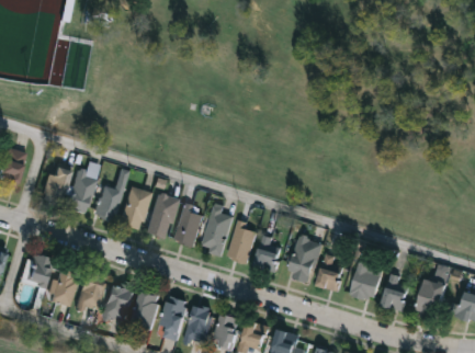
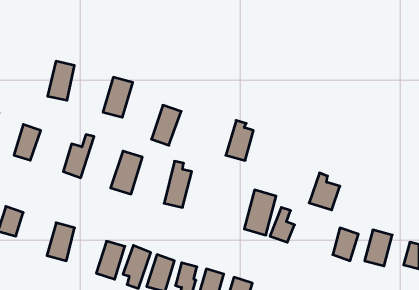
building: [67,172,95,214] -> [48,61,74,100]
building: [120,187,151,230] -> [103,77,133,117]
building: [172,204,204,247] -> [151,105,181,145]
building: [226,220,256,263] -> [226,120,253,160]
building: [253,236,281,272] -> none
building: [349,262,382,301] -> [309,173,340,210]
building: [48,267,78,306] -> none
building: [103,284,132,322] -> none

